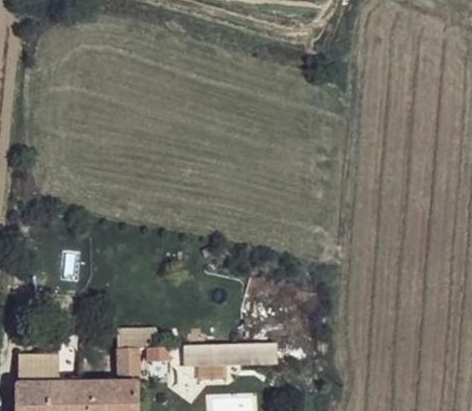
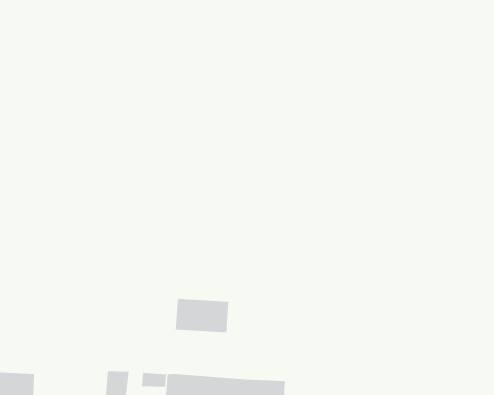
building: none -> [175,298,229,333]

